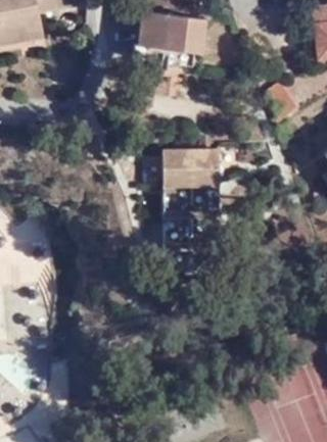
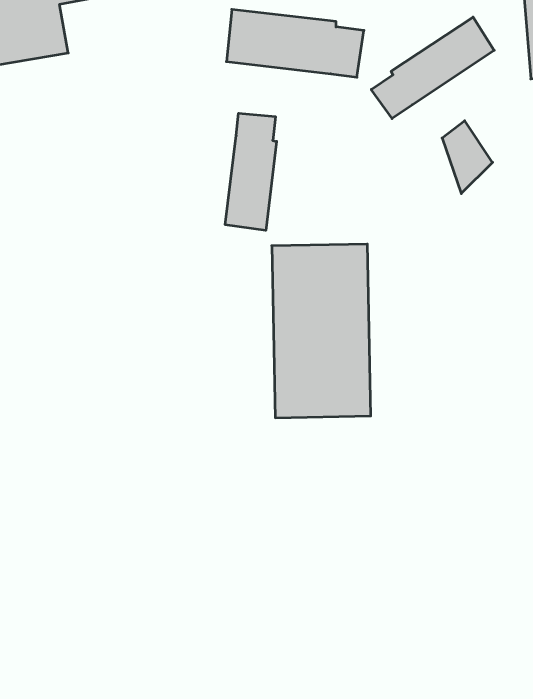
building: none -> [371,17,494,119]
building: none -> [225,113,277,230]

